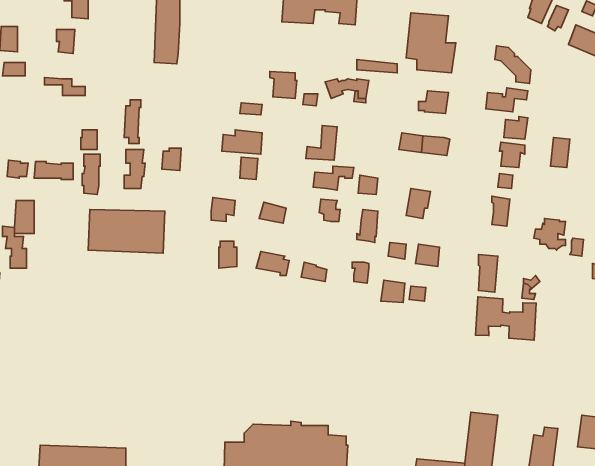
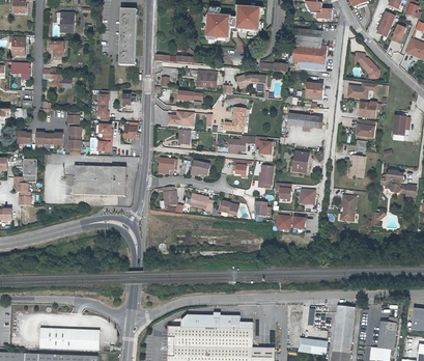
building: [475,297,536,340] -> none

